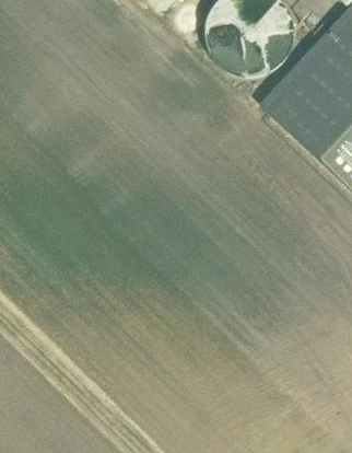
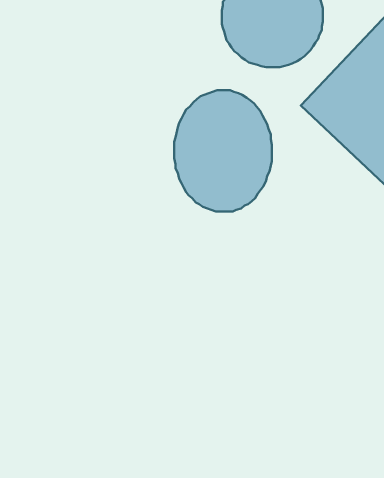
building: none -> [174,90,272,211]

